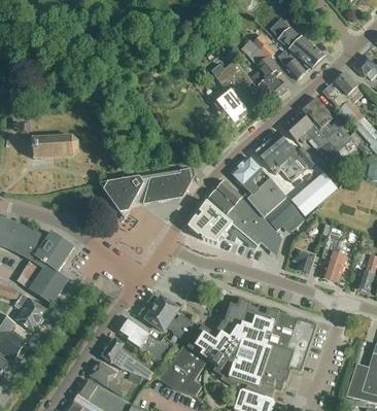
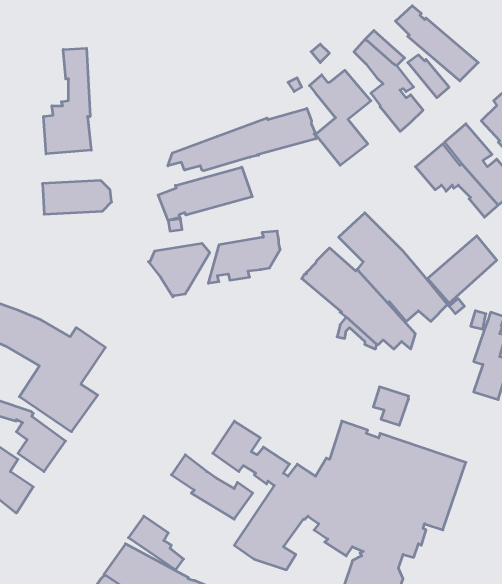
building: none -> [44,48,91,154]
building: none -> [168,108,316,171]
building: none -> [158,167,252,220]
building: [253,131,322,181] -> none
building: [187,201,233,243] -> none
building: [292,247,315,273] -> [373,387,409,425]
building: [102,339,153,382] -> none

